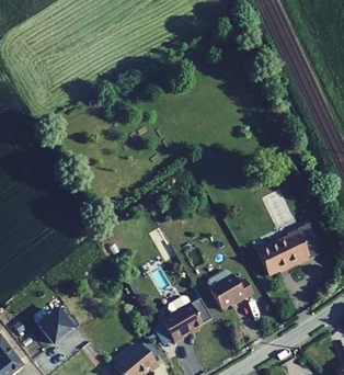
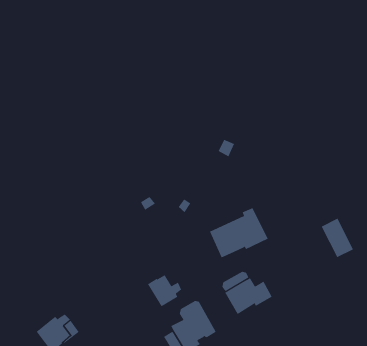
building: [257,229,311,275] -> [209,207,269,258]
building: none -> [147,275,182,307]

